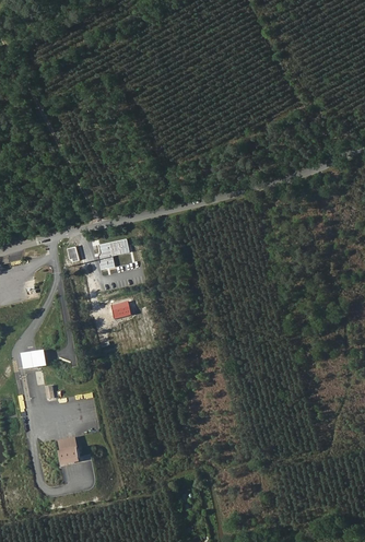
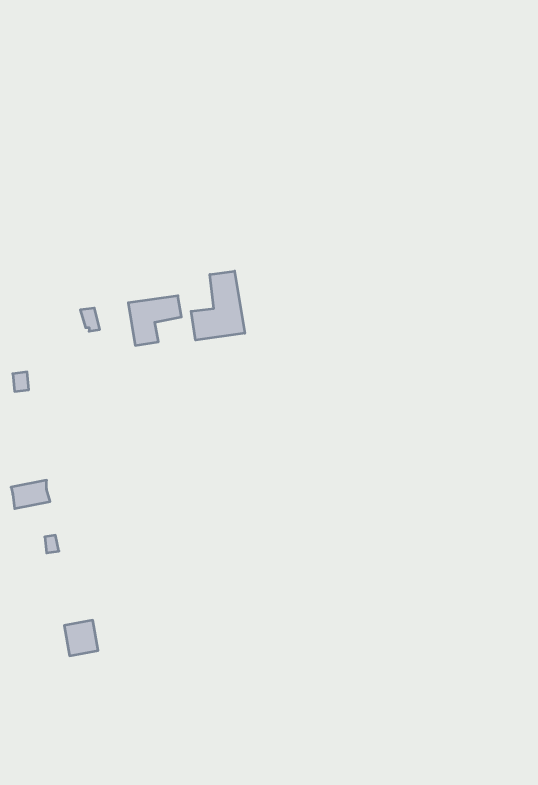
building: none -> [191,271,245,340]

